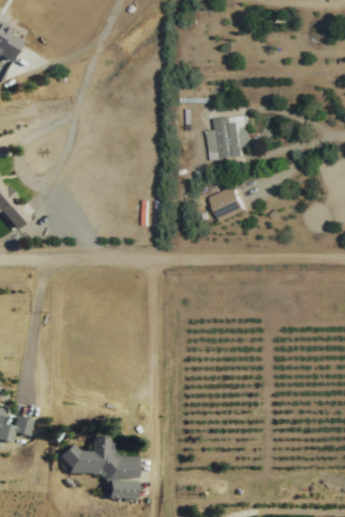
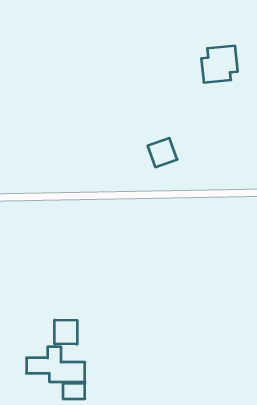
building: [208,115,251,159] -> [201,46,238,82]
building: none -> [55,320,77,344]

